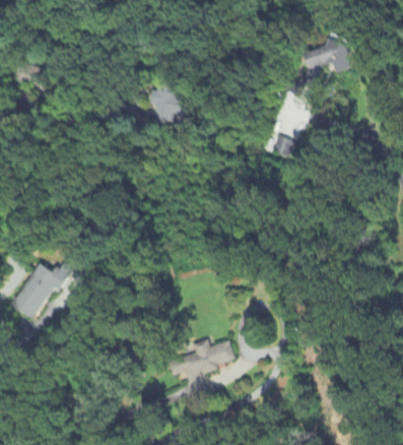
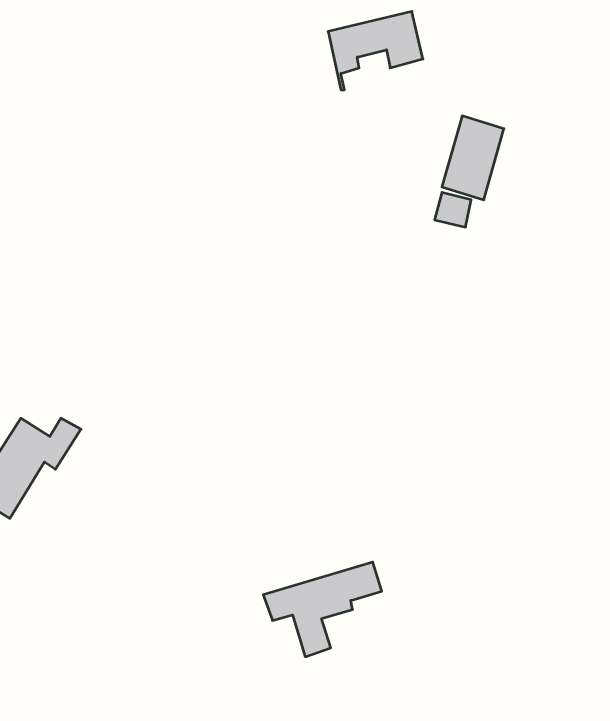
building: [307,40,359,83] -> [328,11,423,90]
building: [150,84,185,119] -> none

